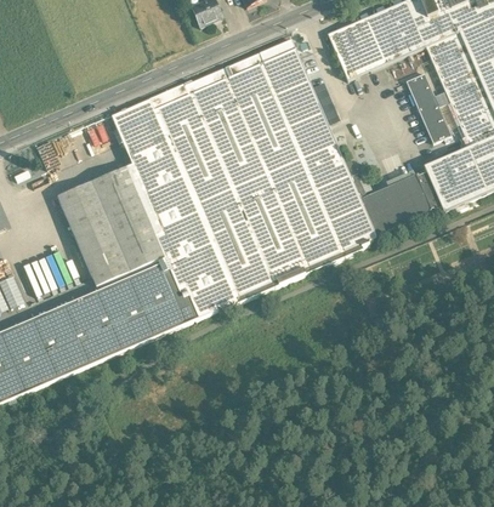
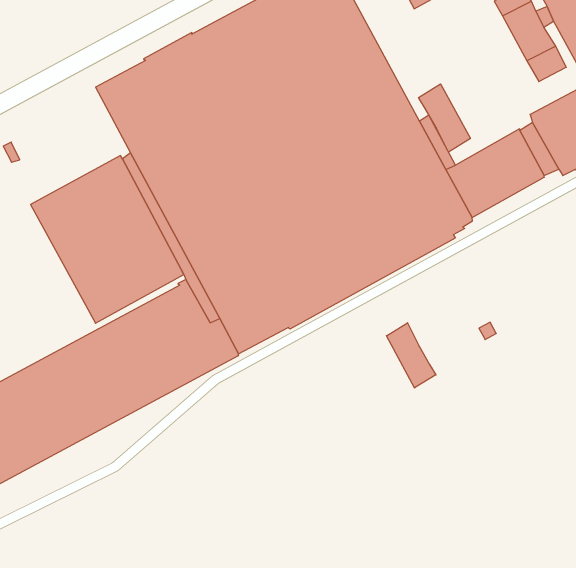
building: none -> [419,84,470,152]
building: none -> [386,323,436,388]

